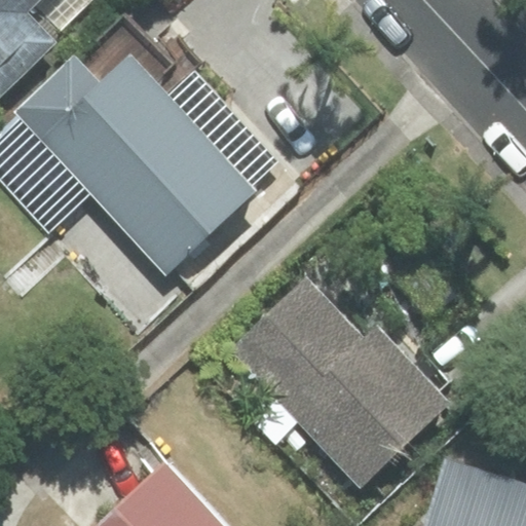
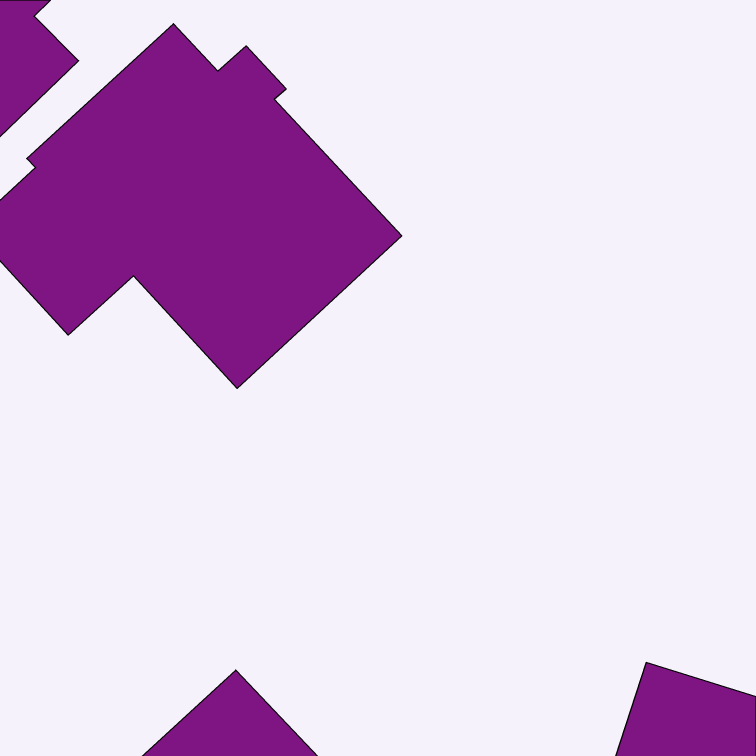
building: [230,280,450,488] -> none

